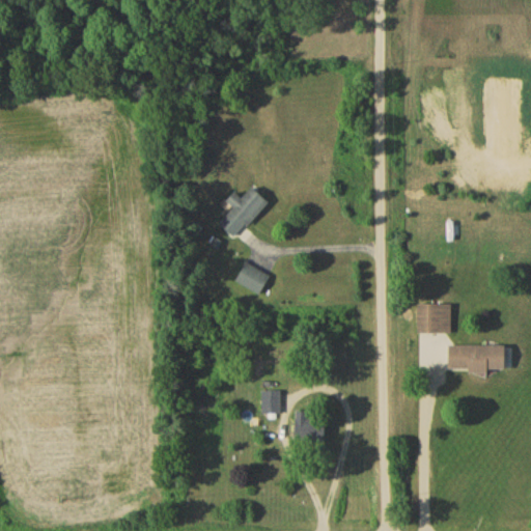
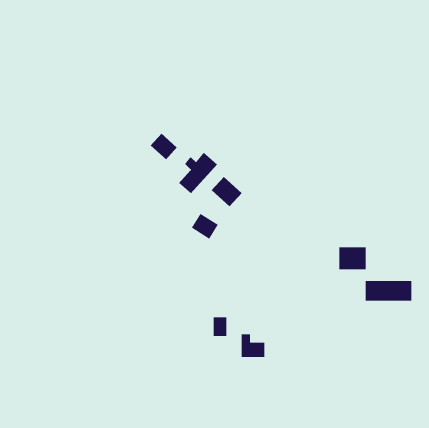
building: none -> [150,133,178,160]
building: none -> [211,176,242,207]

